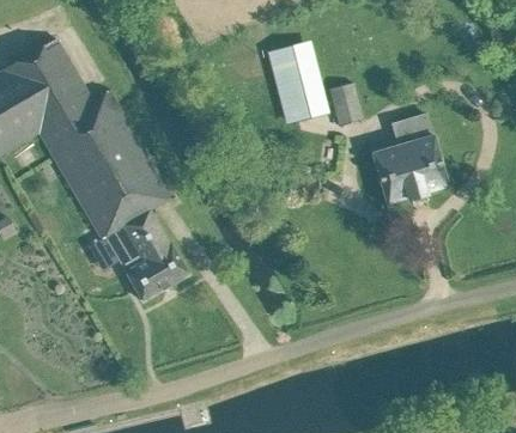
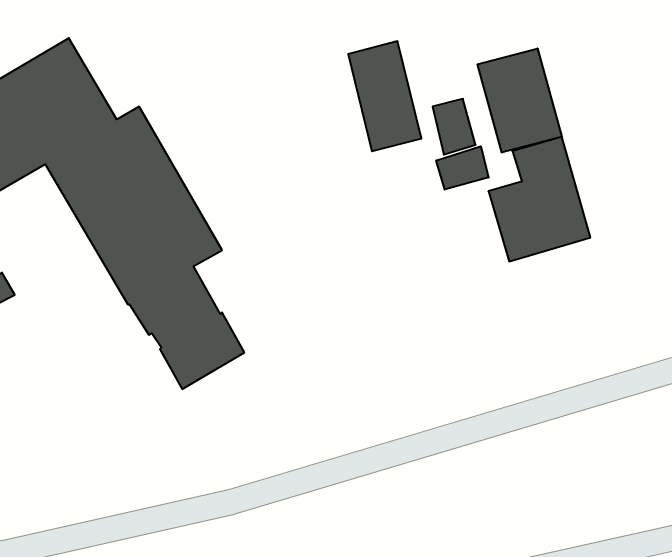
building: none -> [478,48,562,153]
building: none -> [436,146,489,190]

